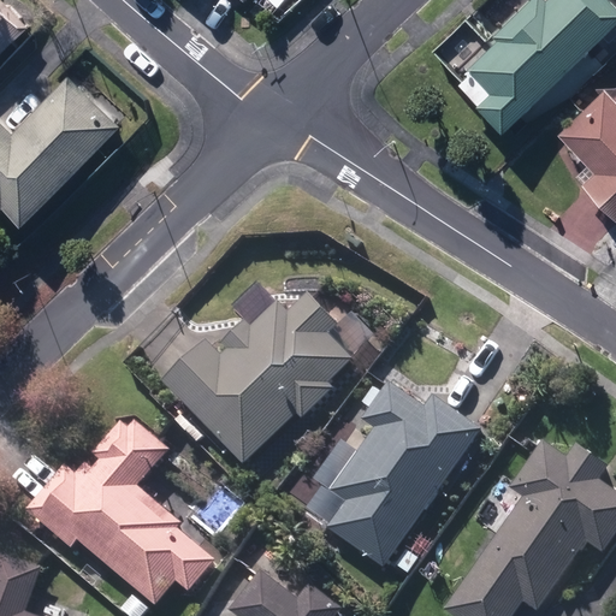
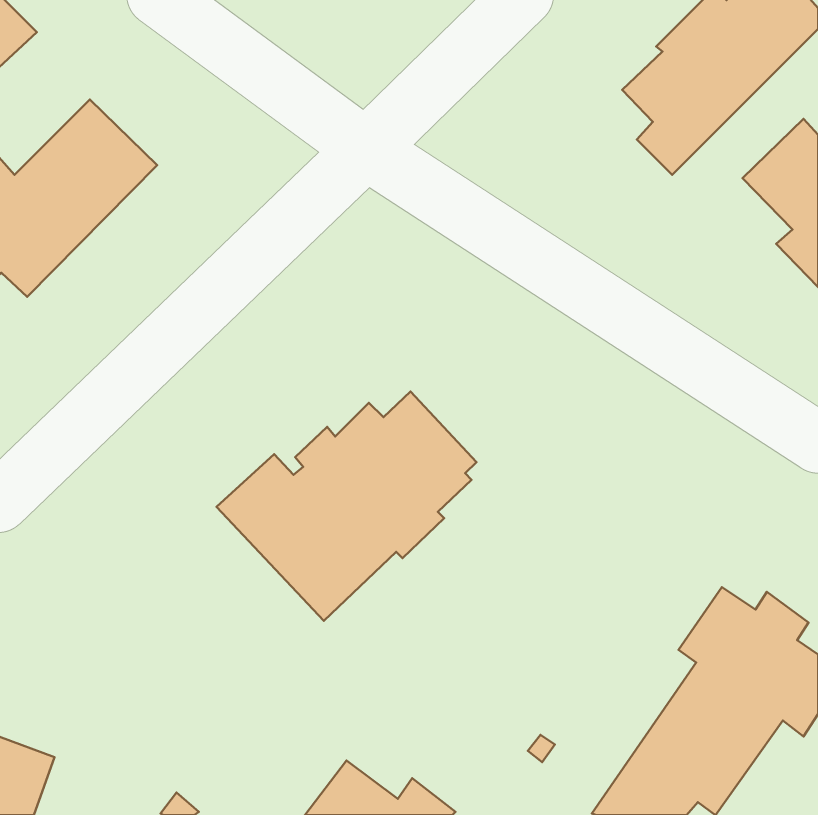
building: [327,383,481,568] -> none
building: [25,420,217,604] -> none

